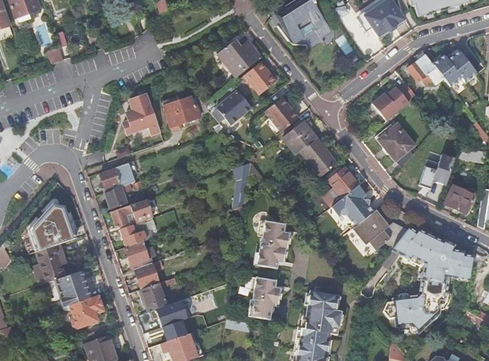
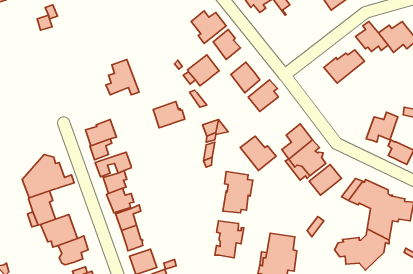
building: [164,96,200,126] -> [153,101,185,128]
building: [377,122,418,166] -> none
building: [302,137,343,176] -> [240,136,276,170]

